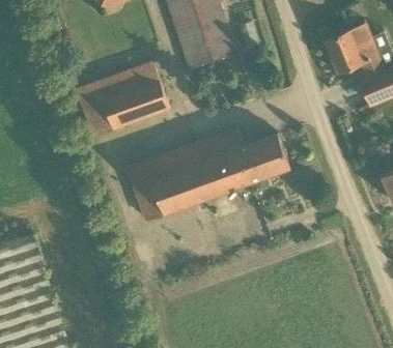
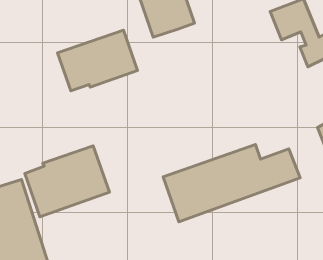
building: [131,128,292,220] -> [163,144,300,222]
building: none -> [25,146,110,217]

